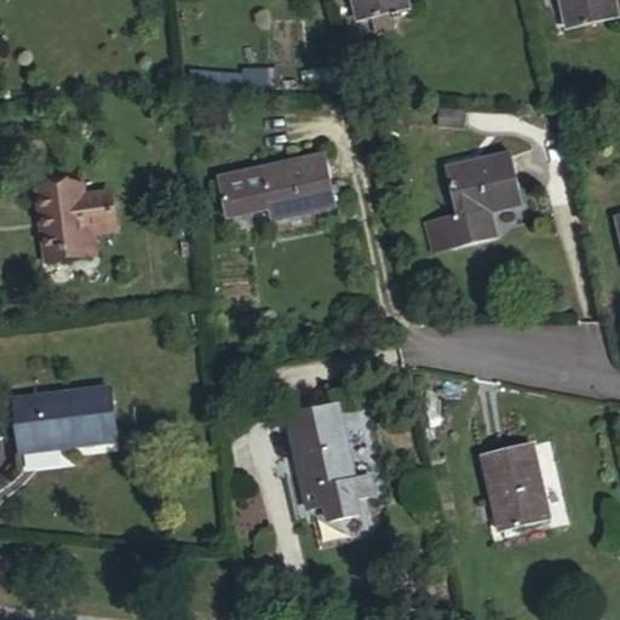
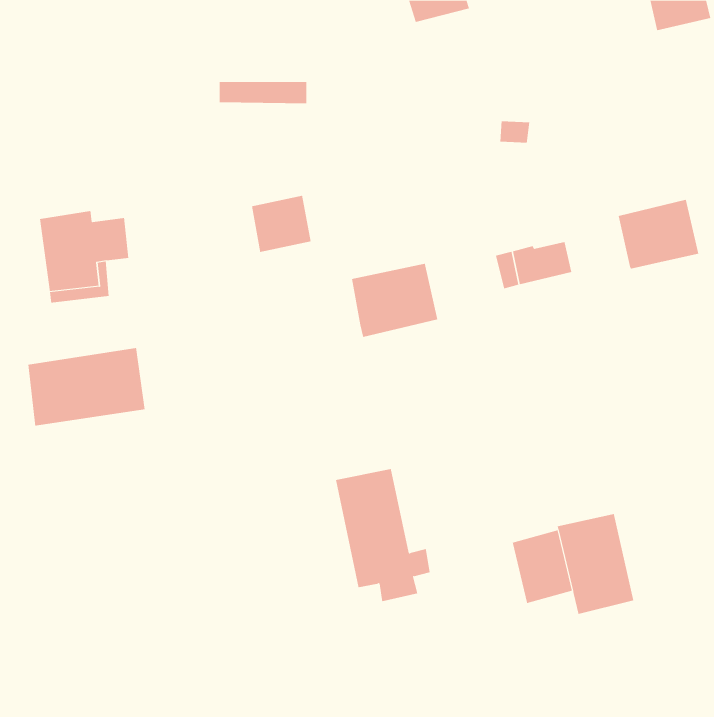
building: [450,154,521,214] -> [618,199,699,269]
building: [262,155,337,219] -> [351,263,438,338]
building: [8,384,110,452] -> [28,348,145,426]
building: none -> [512,530,572,604]

